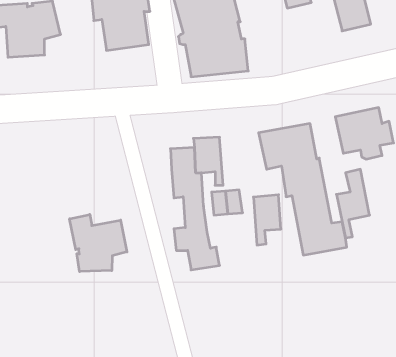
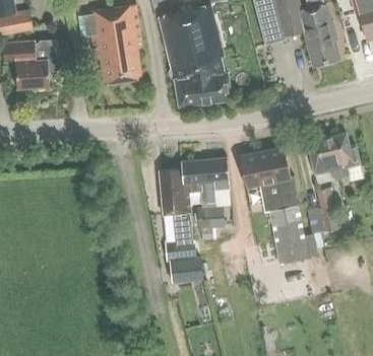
building: [253,195,281,245] -> [204,157,229,202]
building: [70,214,127,272] -> none

